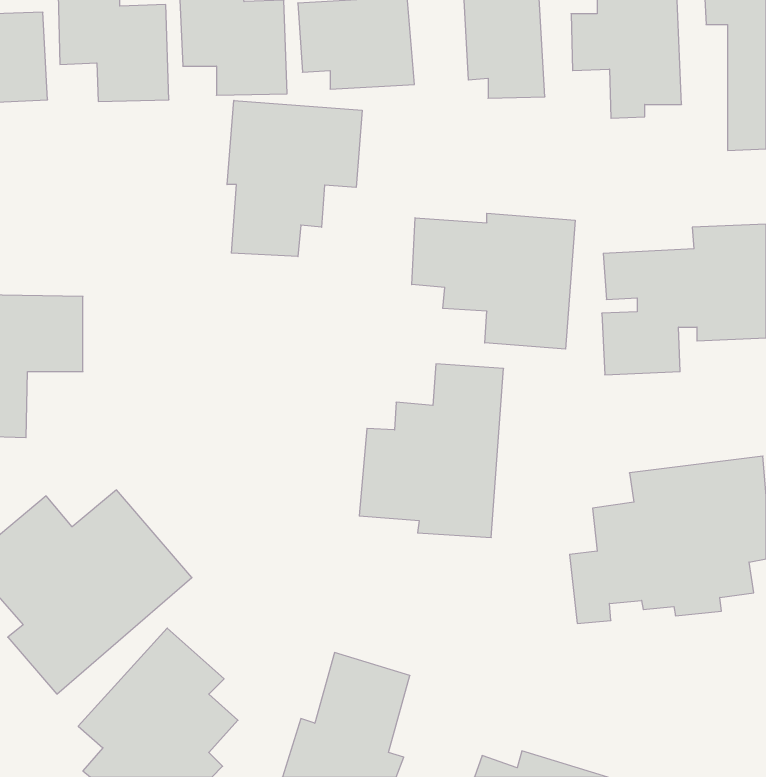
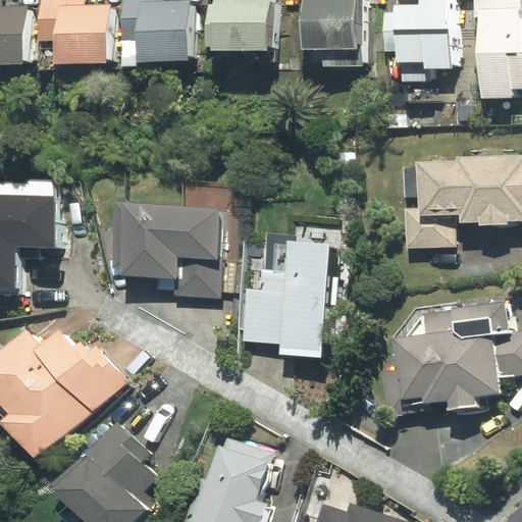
building: [227,100,362,257] -> none
building: [412,213,575,349] -> none
building: none -> [110,200,221,299]

